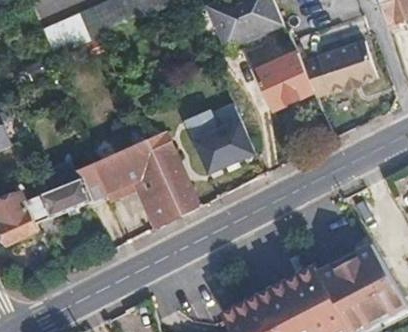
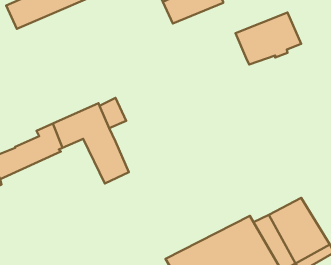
building: [253,53,311,107] -> none
building: [188,106,255,174] -> none
building: [158,158,199,215] -> none

